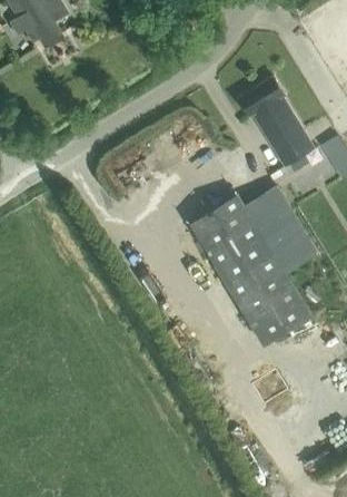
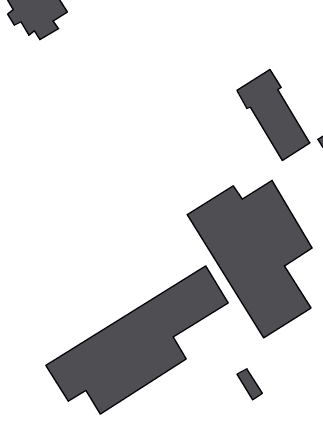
building: none -> [46,266,228,414]

